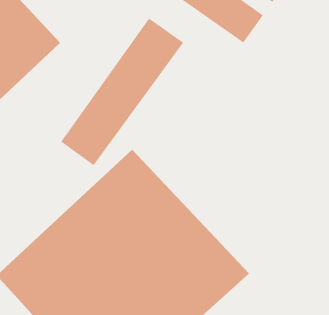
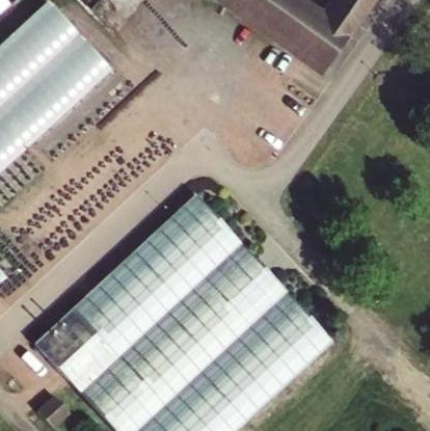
building: [60,18,184,166] -> none

